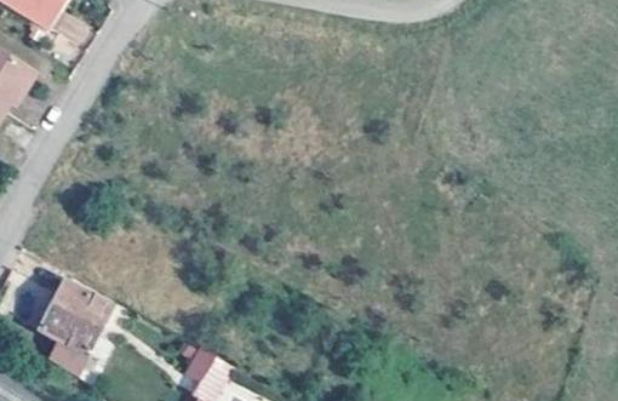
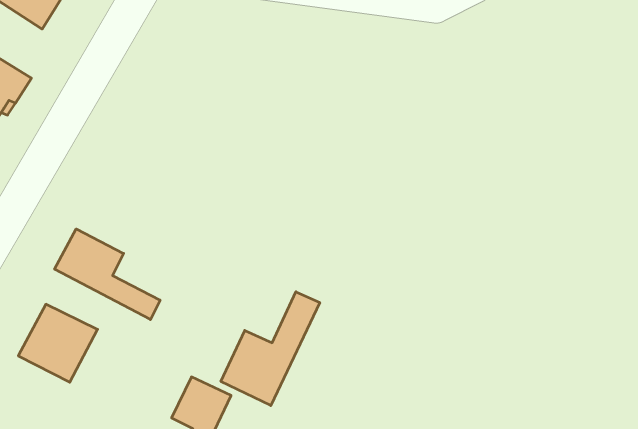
building: none -> [55,229,160,320]
building: none -> [221,292,320,406]

